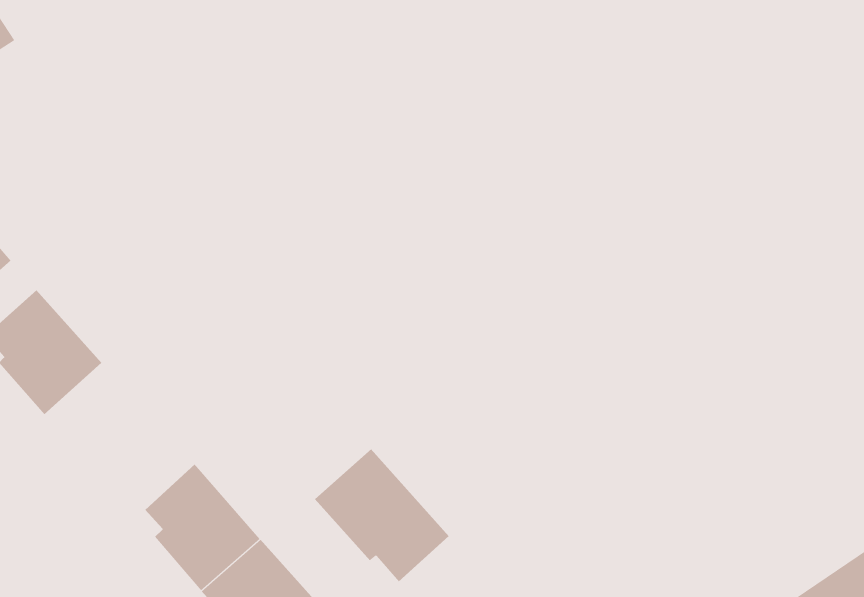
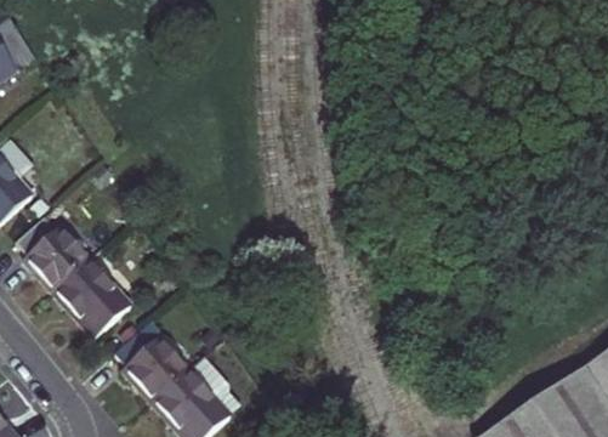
building: none -> [52,257,130,335]
building: [314,448,450,582] -> none

